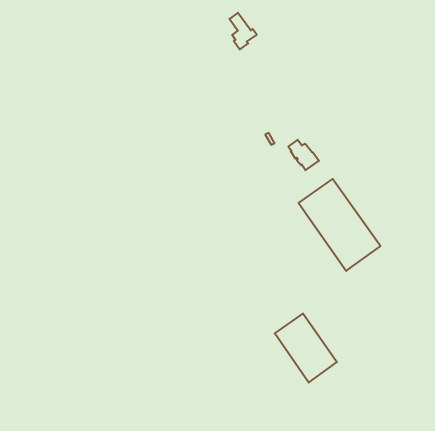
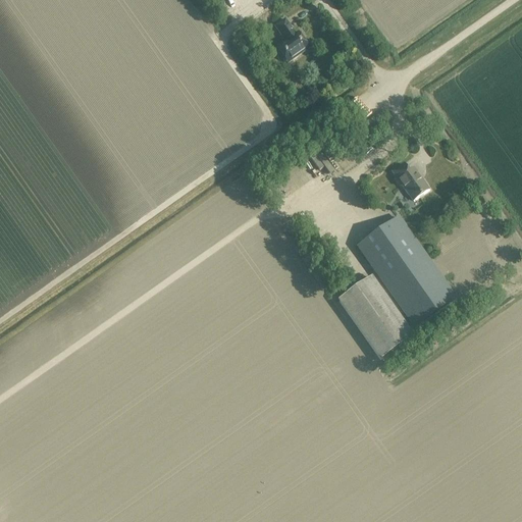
building: [288,140,319,170] -> [392,160,428,197]
building: [275,314,337,383] -> [338,274,413,357]

